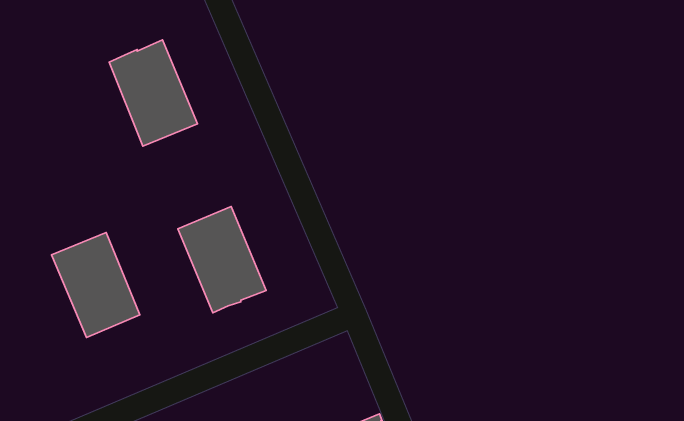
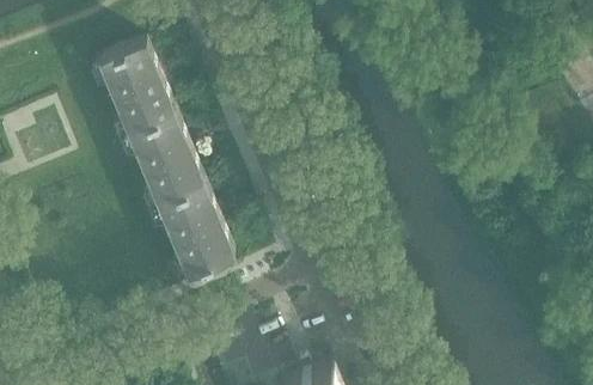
building: [52,232,140,337] -> [128,118,203,208]

